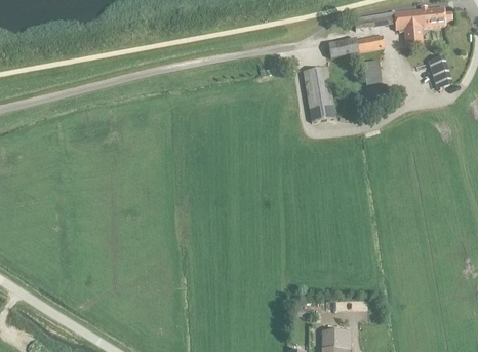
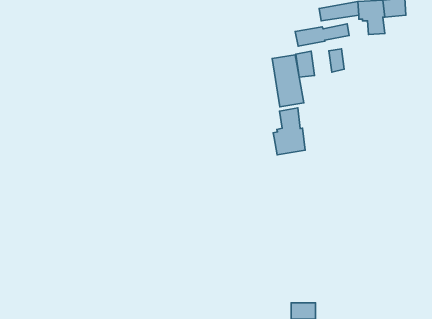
building: [427,55,452,88] -> none
building: none -> [296,51,315,77]
building: none -> [273,108,305,155]

